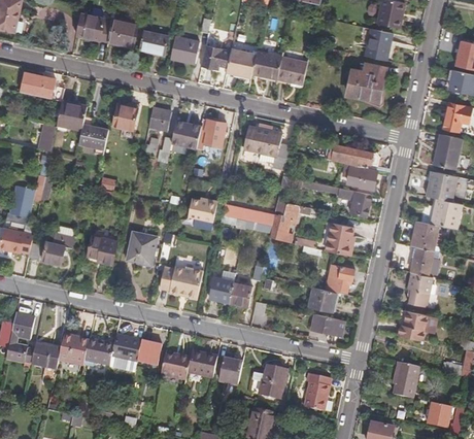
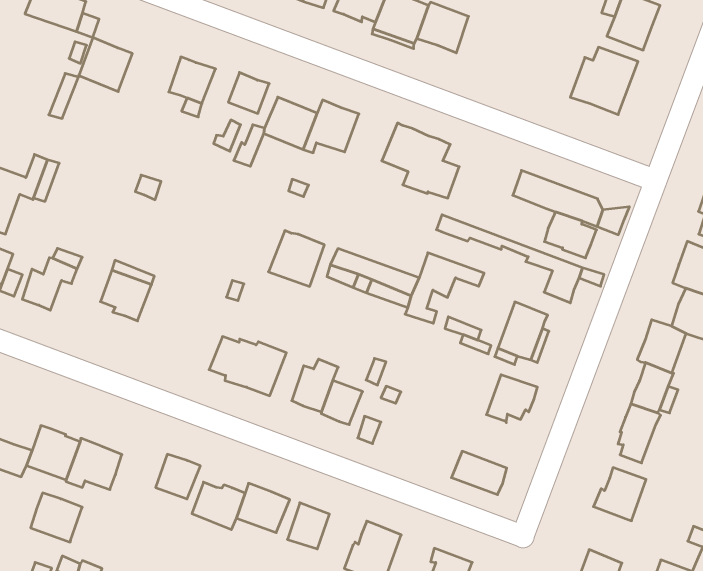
building: [278,56,308,83] -> none
building: [78,115,107,148] -> none
building: [126,231,157,265] -> none
building: [307,286,338,313] -> none
building: [112,335,141,362] -> [31,493,82,542]

